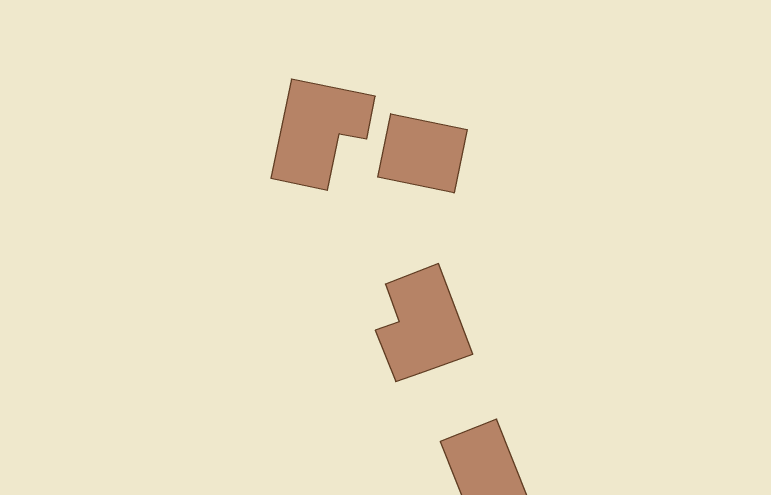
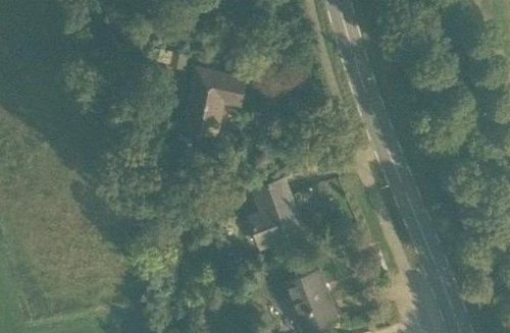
building: [378,114,467,193] -> none

